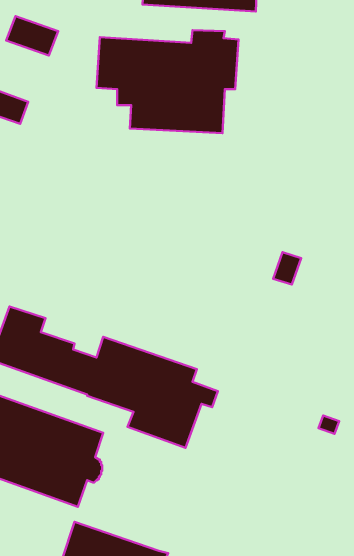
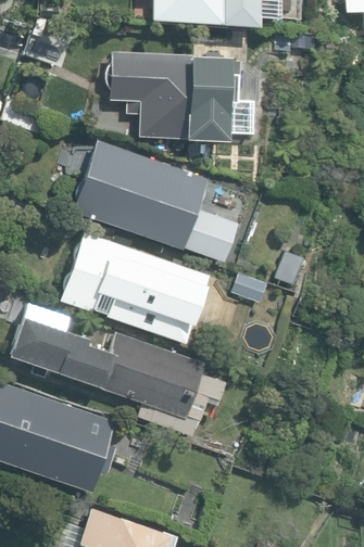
building: none -> [72,140,209,251]
building: none -> [61,232,210,344]

